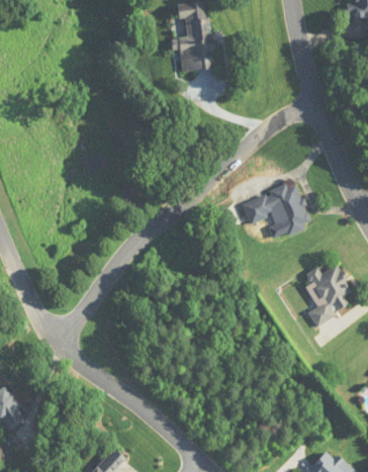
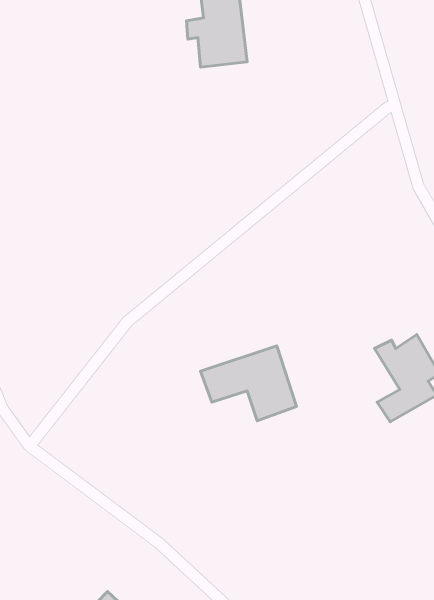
building: [240,184,308,238] -> [200,346,297,421]

